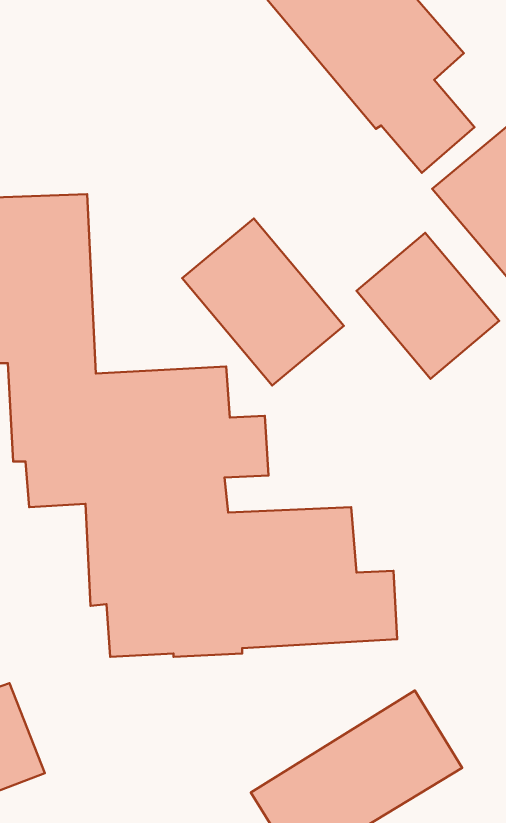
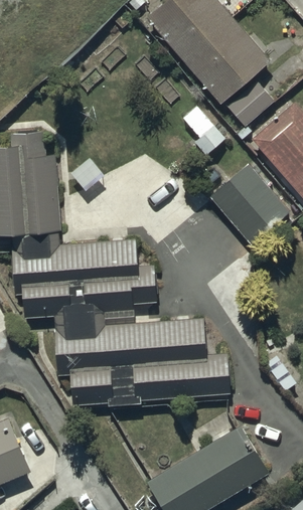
building: [182,218,344,385] -> none

